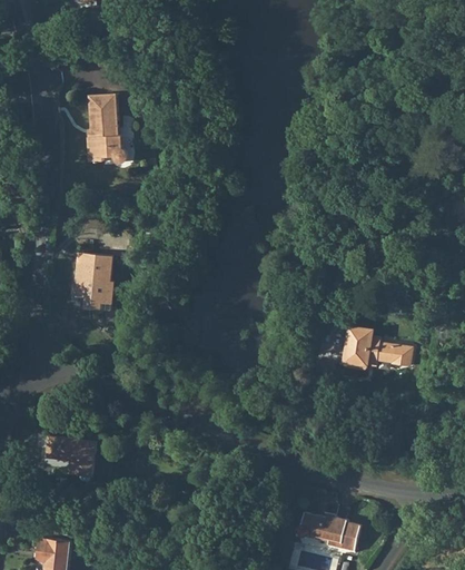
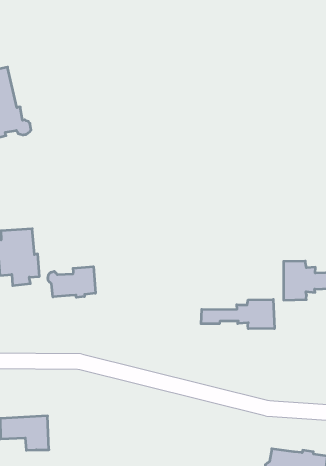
building: none -> [48,267,95,297]
building: none -> [201,299,274,329]

